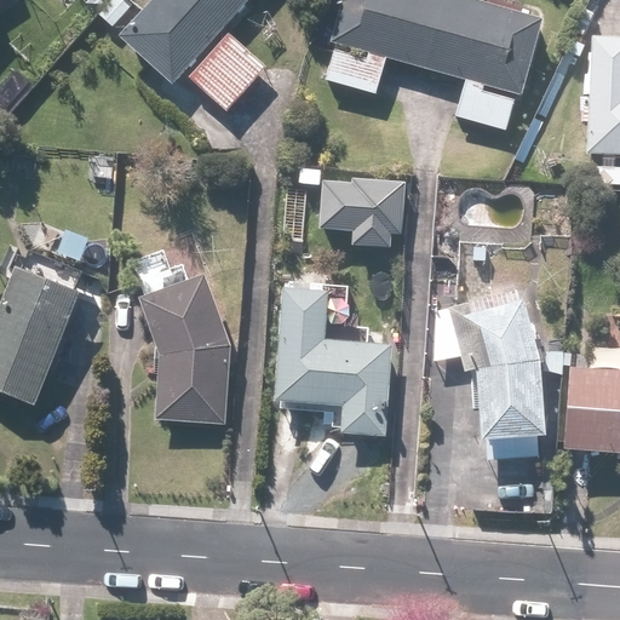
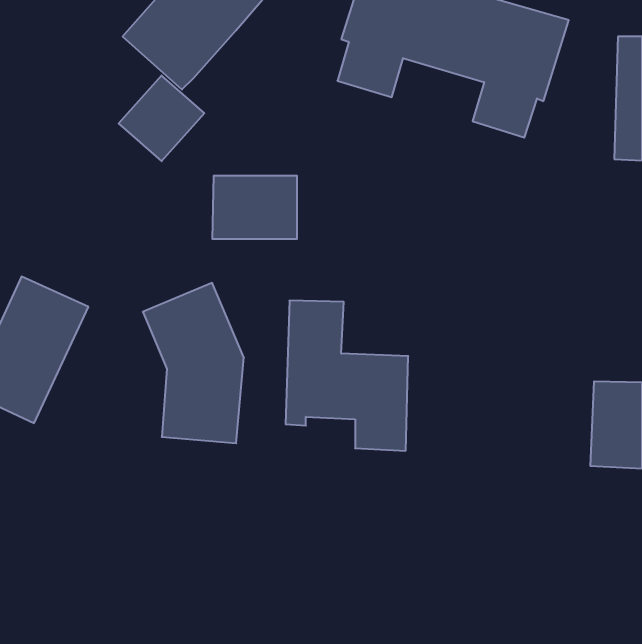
building: [185,29,268,111] -> [119,75,204,161]
building: [325,178,406,239] -> [212,176,297,239]
building: [435,292,547,458] -> none

